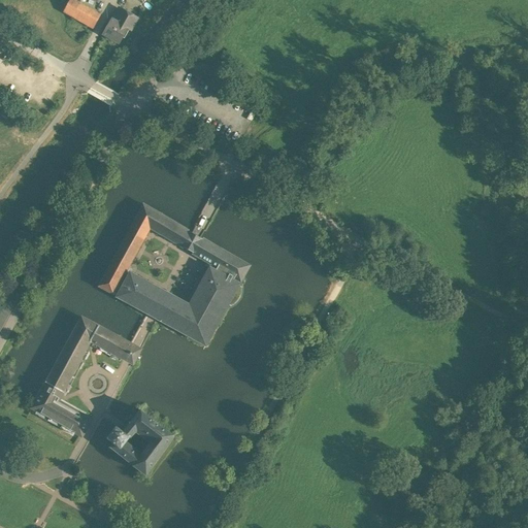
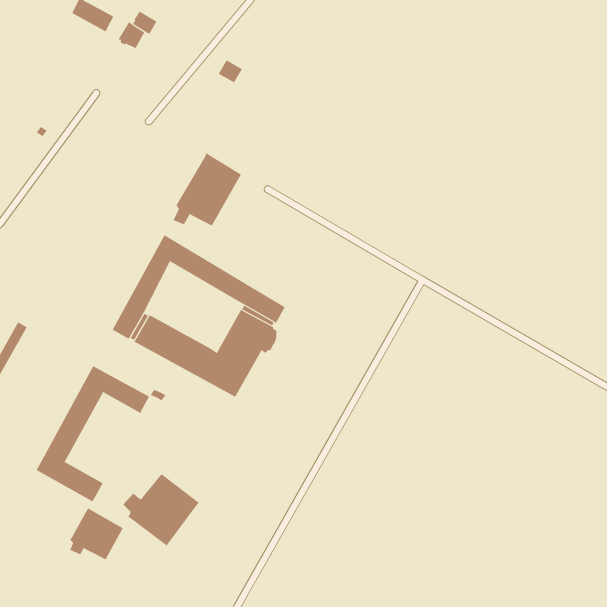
building: none -> [173,152,242,226]
building: none -> [69,507,124,560]

